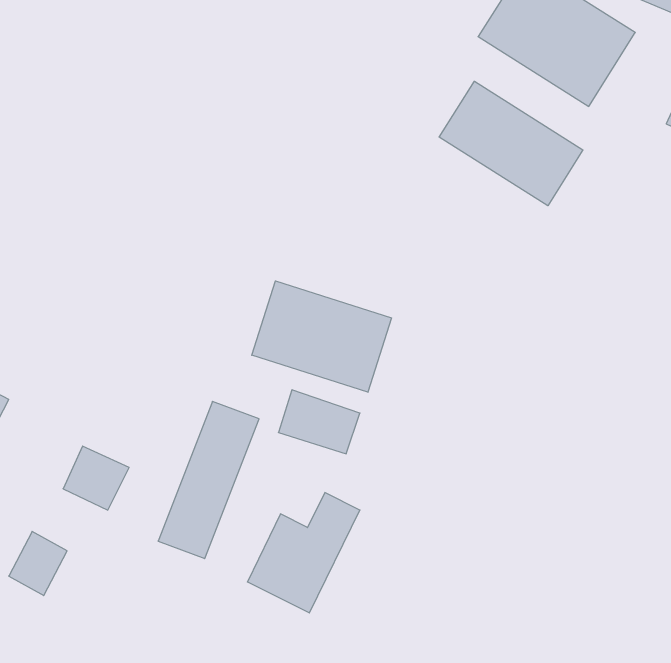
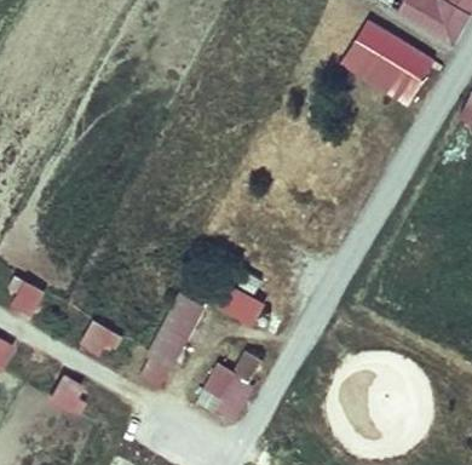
building: [439,81,583,206] -> none
building: [252,281,392,392] -> none

